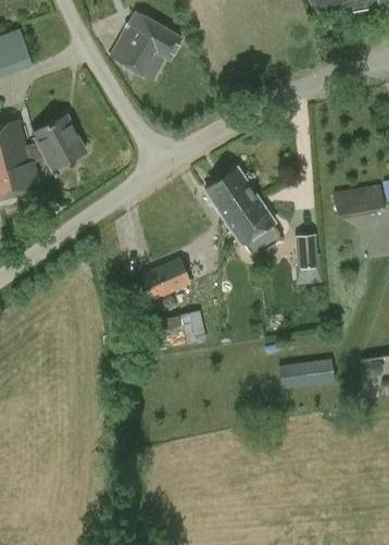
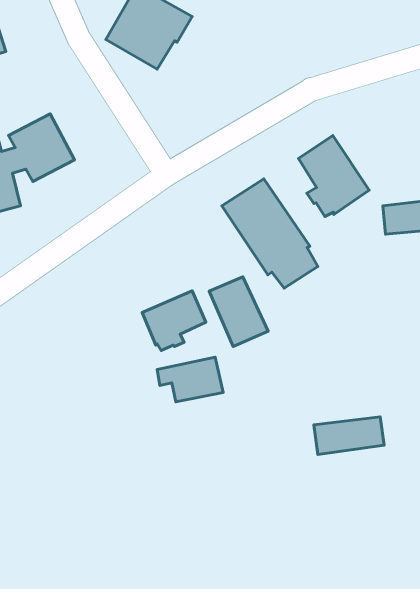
building: none -> [298,136,369,216]
building: [294,234,321,268] -> none
building: none -> [209,277,268,346]

